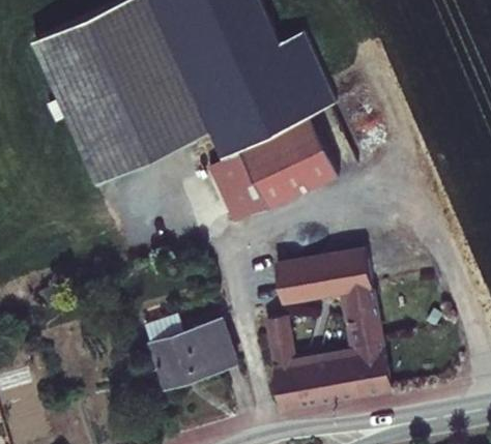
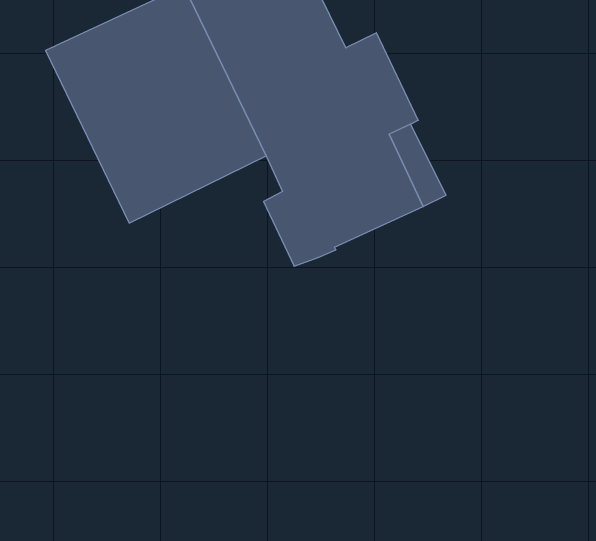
building: [261,248,385,413] -> none
building: [139,317,233,392] -> none

